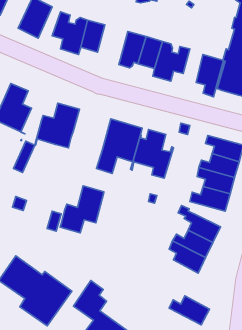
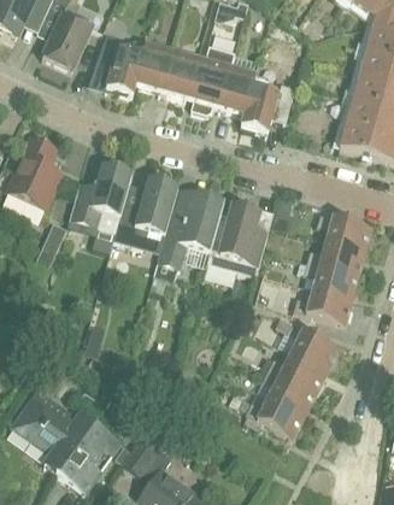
building: none -> [159,51,204,100]
building: [196,55,223,97] -> none
building: [60,186,104,233] -> [114,178,178,247]
building: [169,296,210,325] -> [247,394,306,436]

